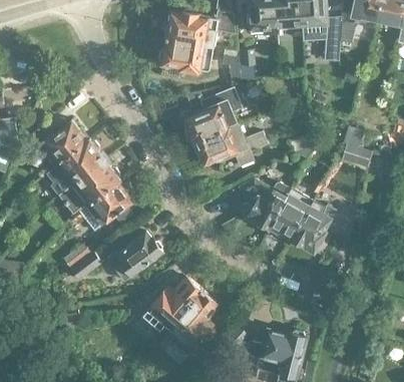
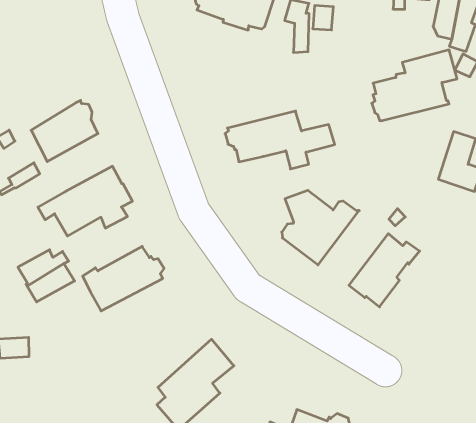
building: [184,87,242,142] -> [372,50,457,121]
building: [40,117,87,164] -> none
building: [73,158,120,202] -> none
building: [269,186,314,239] -> none
building: [143,276,203,329] -> none

